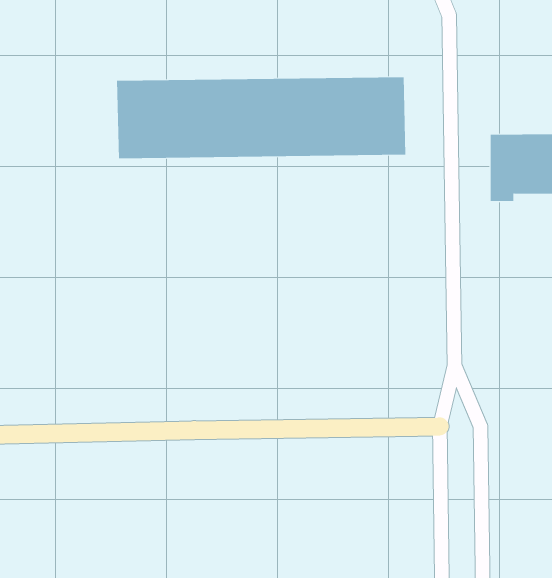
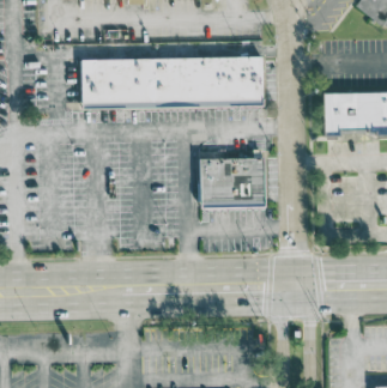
building: none -> [198,157,264,207]

